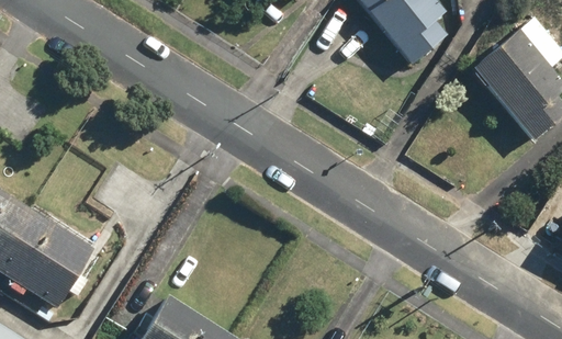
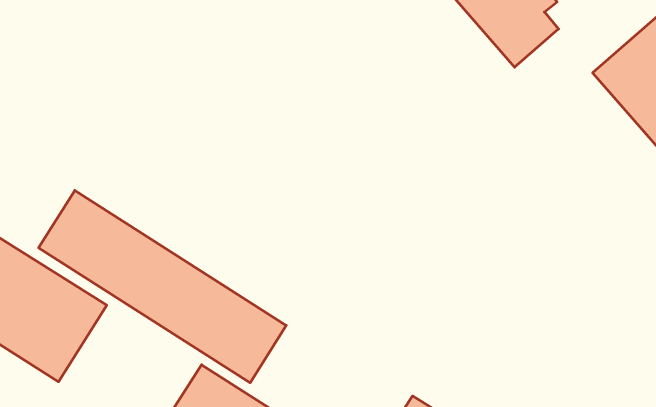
building: none -> [39,190,286,383]

